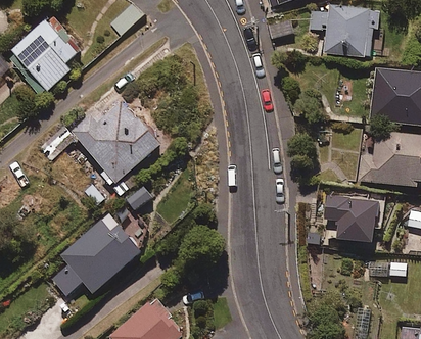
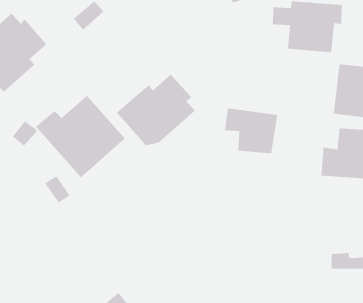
building: none -> [116,74,196,146]
building: [321,194,375,241] -> [224,107,278,154]
building: [49,212,142,296] -> none

